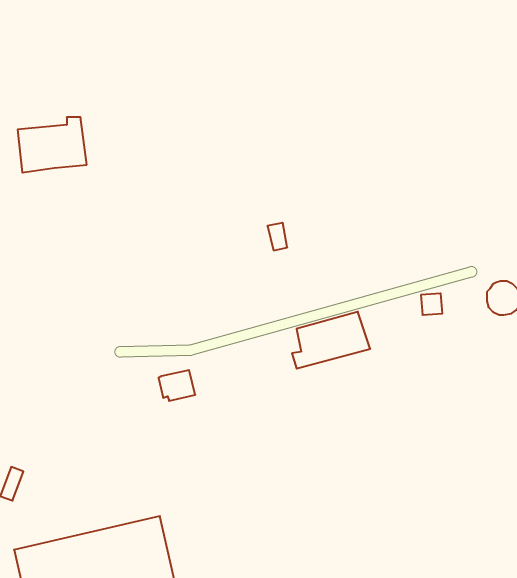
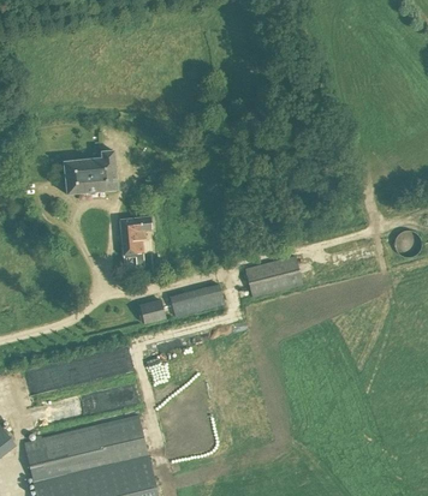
building: [18,117,87,173] -> [64,153,118,196]
building: none -> [120,217,150,267]
building: none -> [170,285,230,318]

